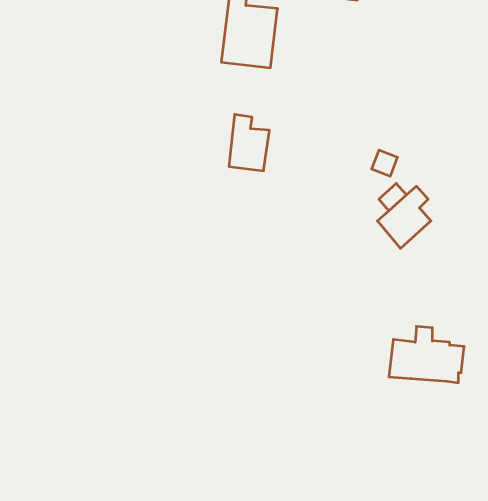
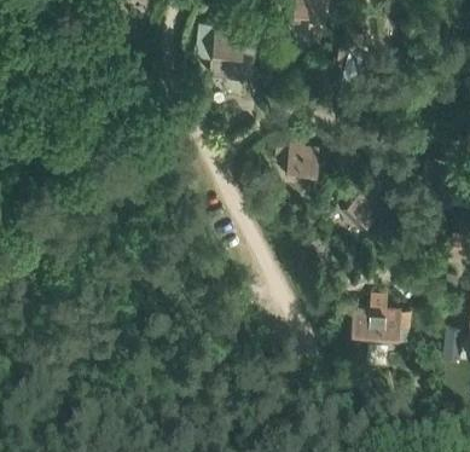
building: [229,114,269,171] -> [285,135,319,182]

